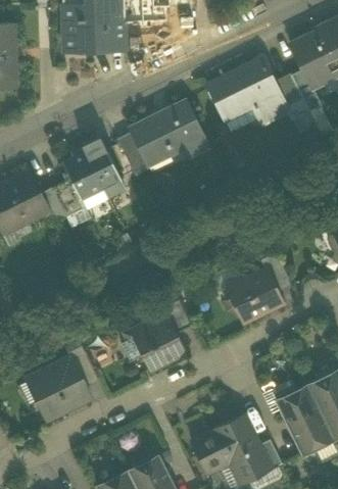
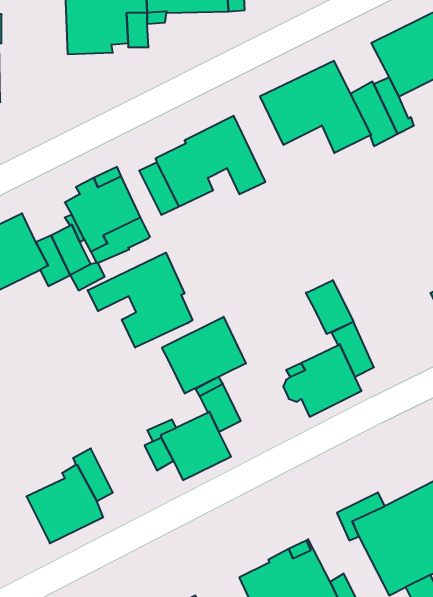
building: none -> [88,253,192,348]
building: none -> [306,280,354,334]
building: none -> [162,317,246,394]

